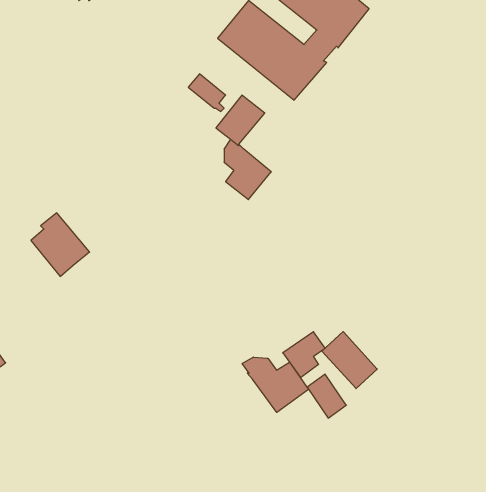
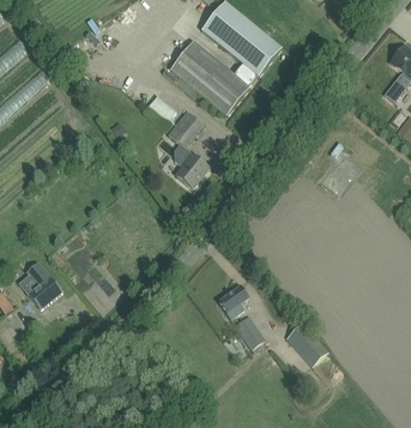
building: [31,213,90,276] -> [19,263,62,309]
building: [322,332,377,389] -> [288,324,328,366]
building: [242,357,308,412] -> none

